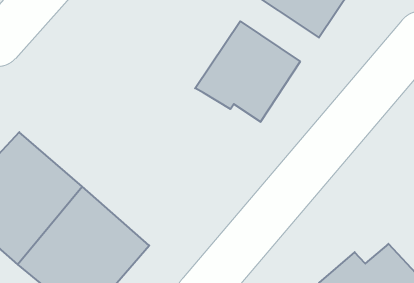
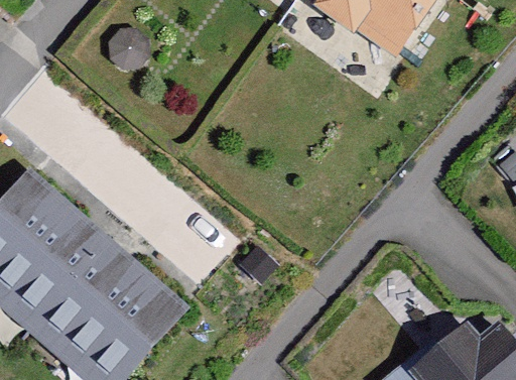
building: [195,21,300,122] -> none

